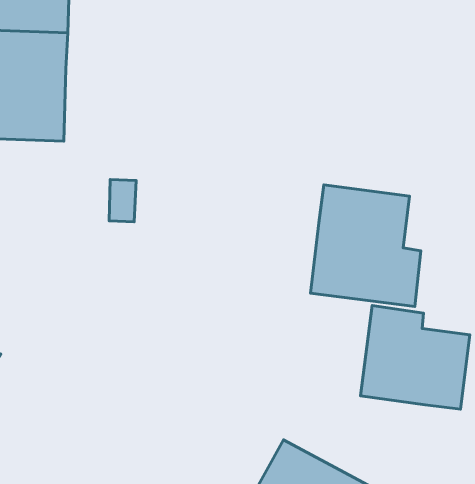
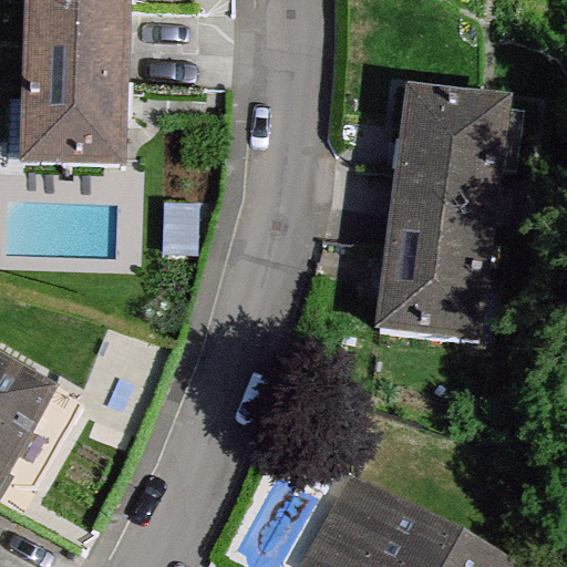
building: none -> [396,94,524,221]
building: [361,306,470,409] -> none

